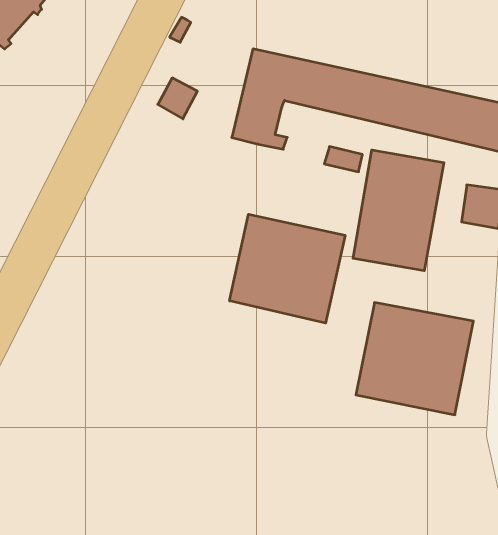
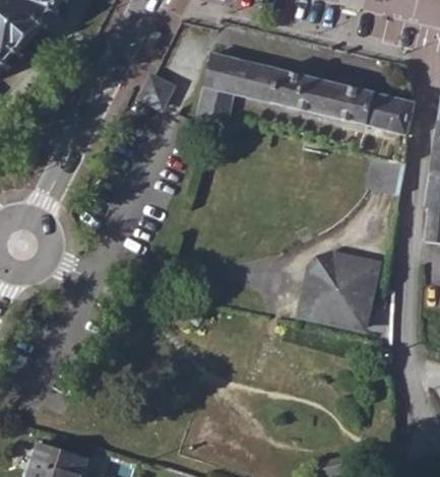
building: [353,150,444,271] -> none
building: [230,214,345,323] -> none

